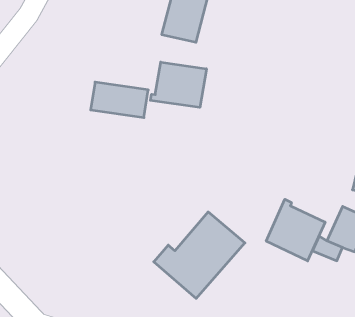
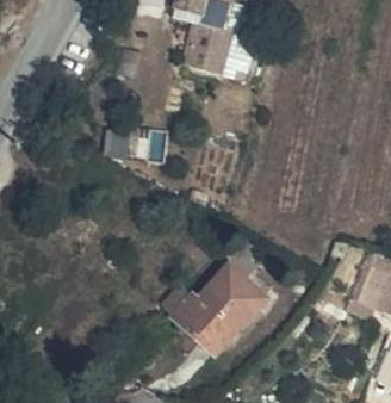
building: [150,62,206,107] -> none
building: [266,199,325,261] -> none

